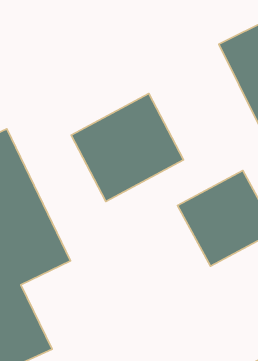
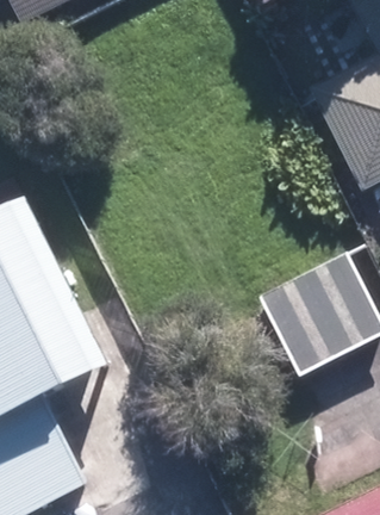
building: [71,94,183,201] -> none

